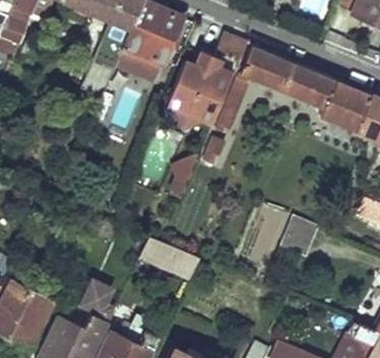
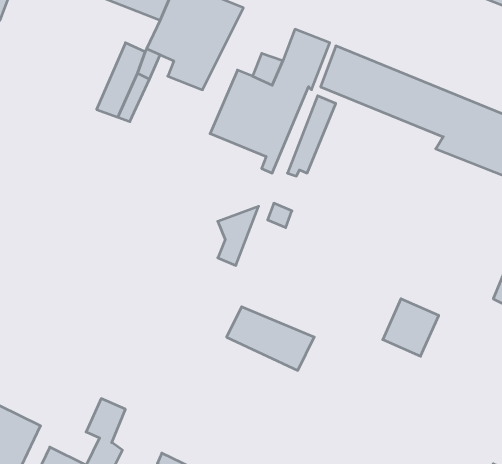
building: [139,237,198,280] -> [227,307,314,370]

